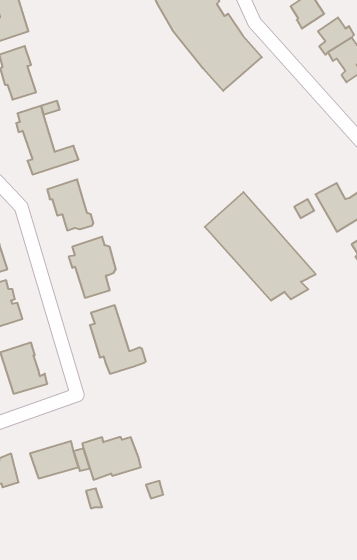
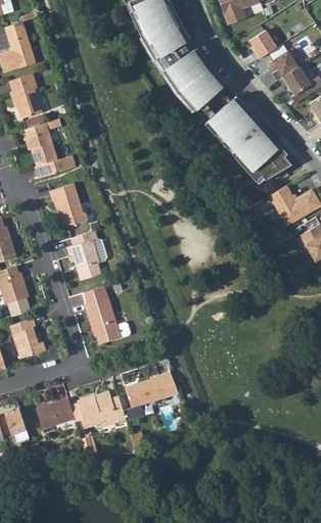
building: [205,192,316,300] -> [204,95,295,184]
building: none -> [124,371,178,423]

